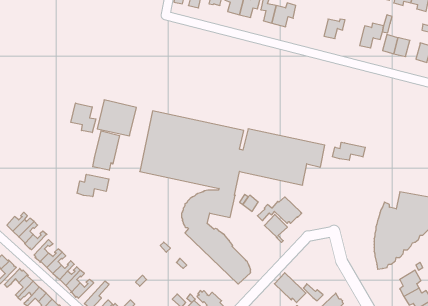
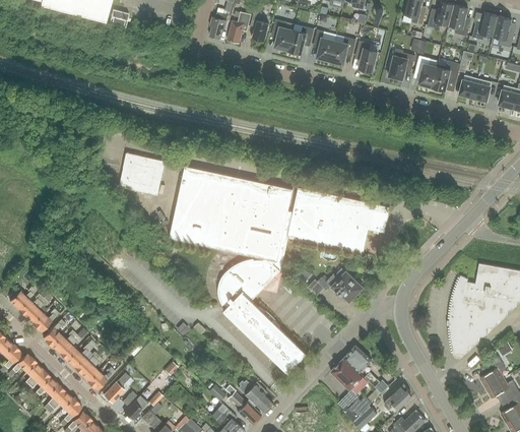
building: none -> [355,42,378,72]
building: none -> [415,56,437,87]
building: [71,103,96,133] -> none
building: [93,131,120,170] -> none
building: [333,142,365,160] -> none
building: [77,174,109,197] -> none
building: [264,214,287,242] -> [343,345,371,378]

